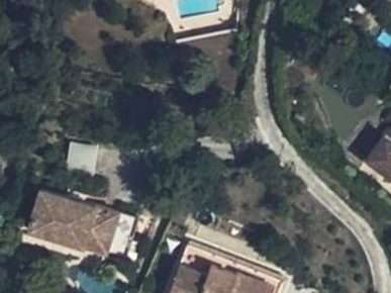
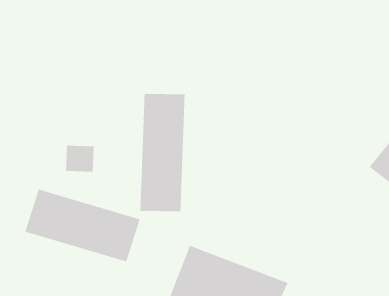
building: none -> [140,93,185,212]

